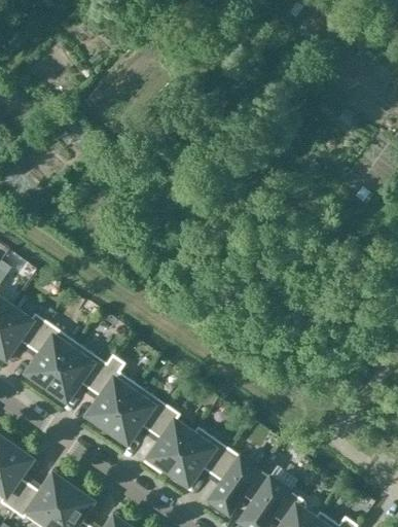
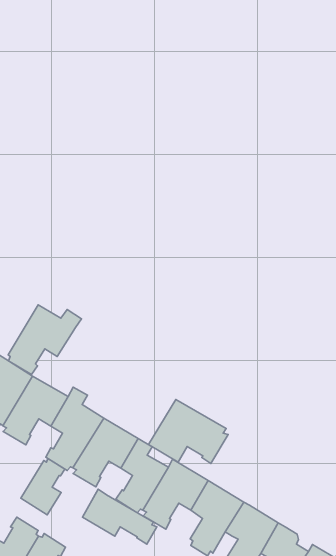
building: none -> [8,305,82,374]
building: none -> [149,399,228,464]
building: none -> [21,459,65,515]
building: none -> [82,489,157,544]

